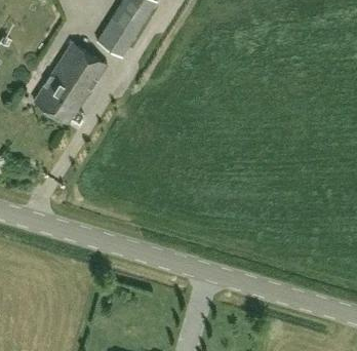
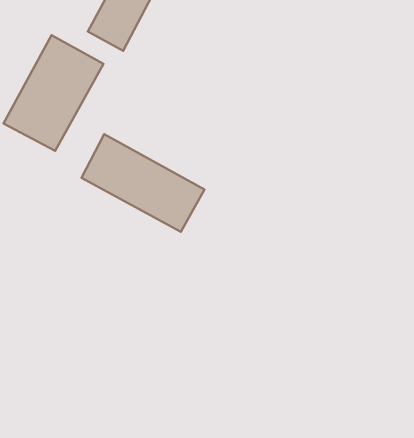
building: none -> [82,134,205,232]

